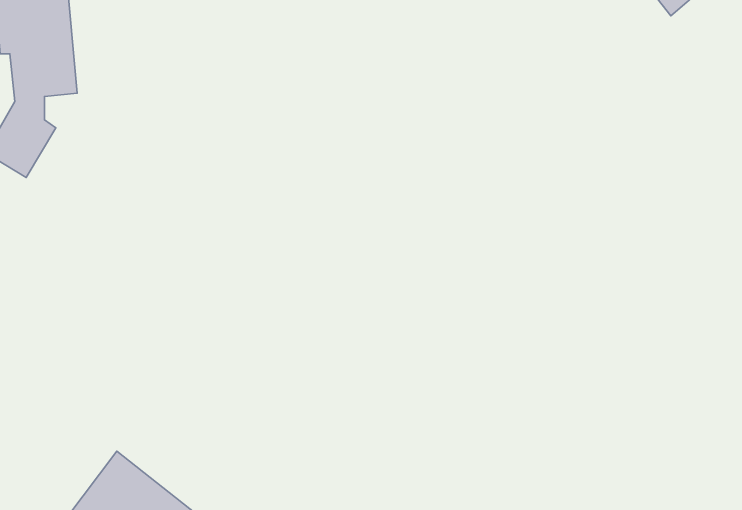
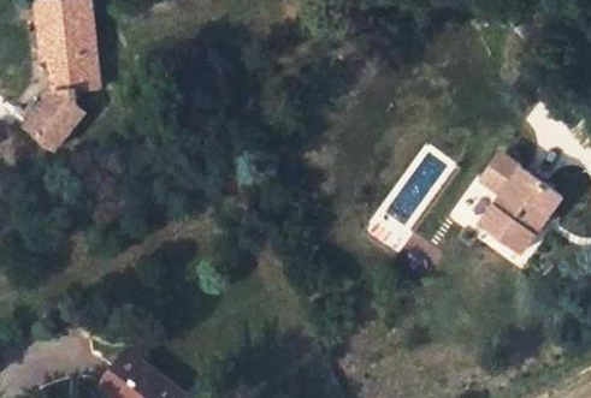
building: none -> [481,154,560,253]

